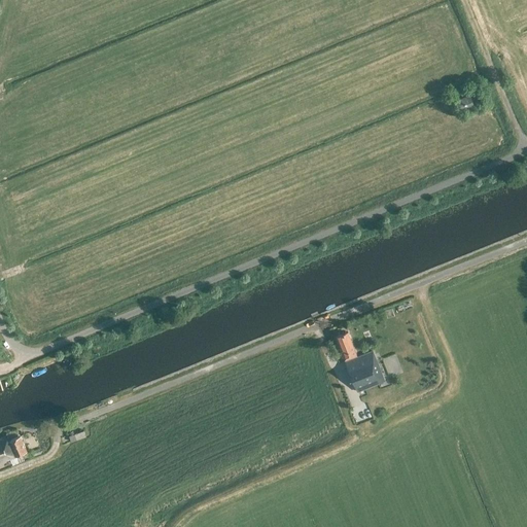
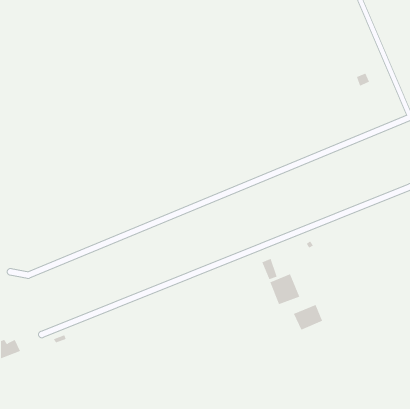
building: none -> [293,304,323,330]

